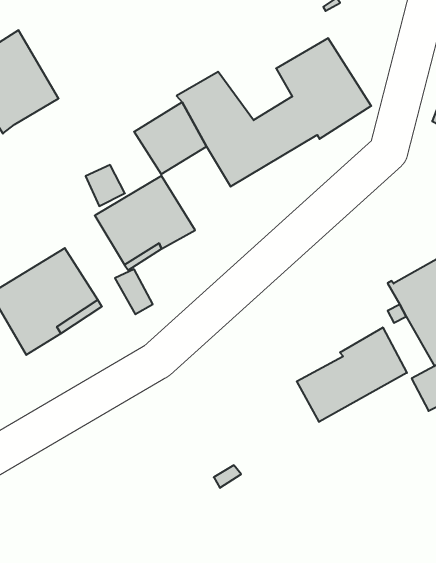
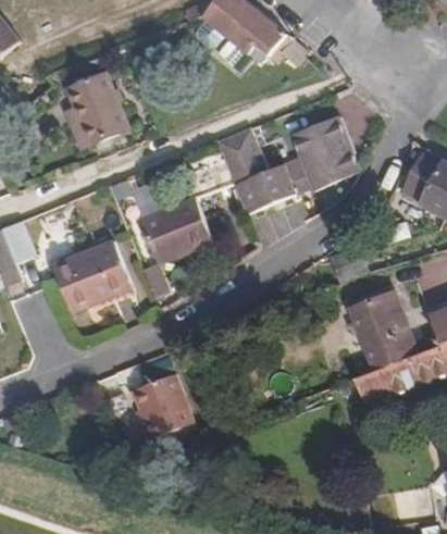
building: [297,327,407,422] -> none
building: none -> [131,373,190,451]

